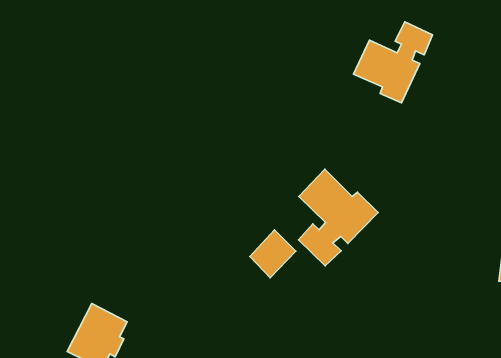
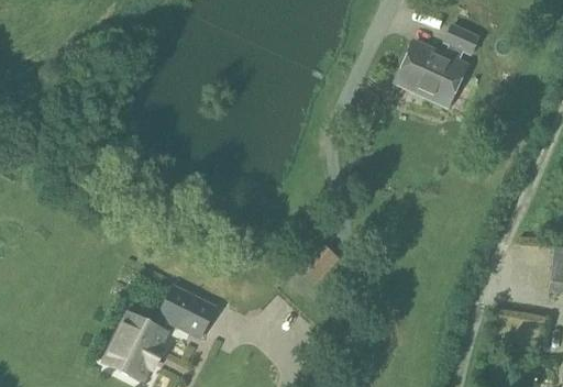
building: [298,169,378,266] -> none
building: none -> [158,286,216,336]

